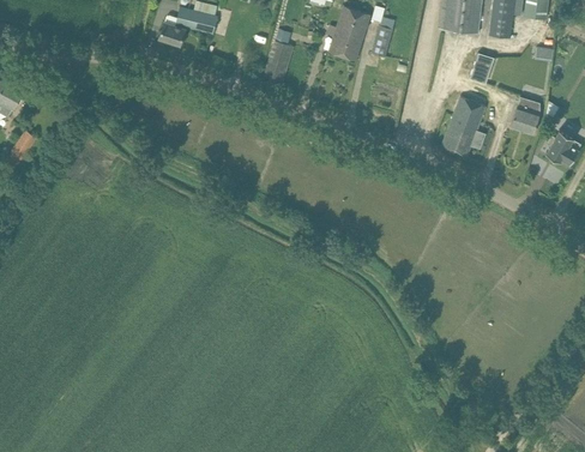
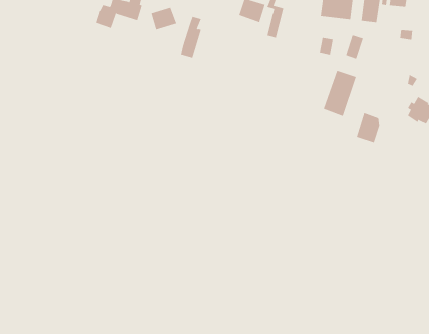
building: none -> [151,7,177,30]
building: [326,26,363,60] -> none
building: [511,96,541,134] -> [356,112,380,143]

